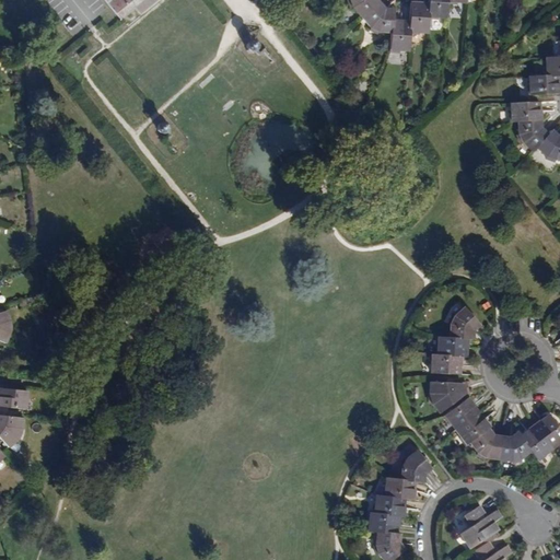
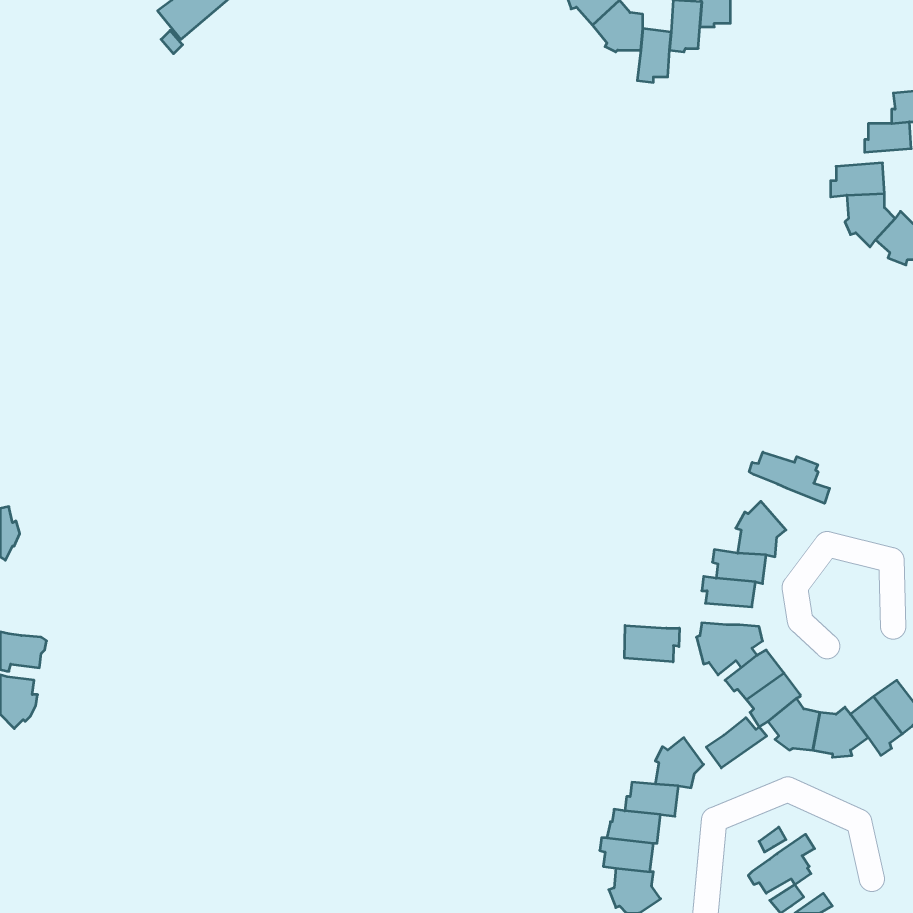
building: none -> [749,452,830,503]
building: none -> [625,625,679,662]
building: none -> [706,718,767,768]

